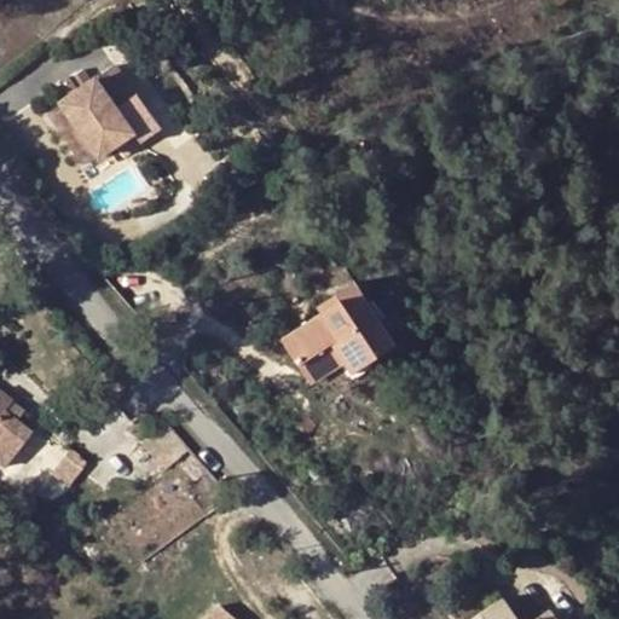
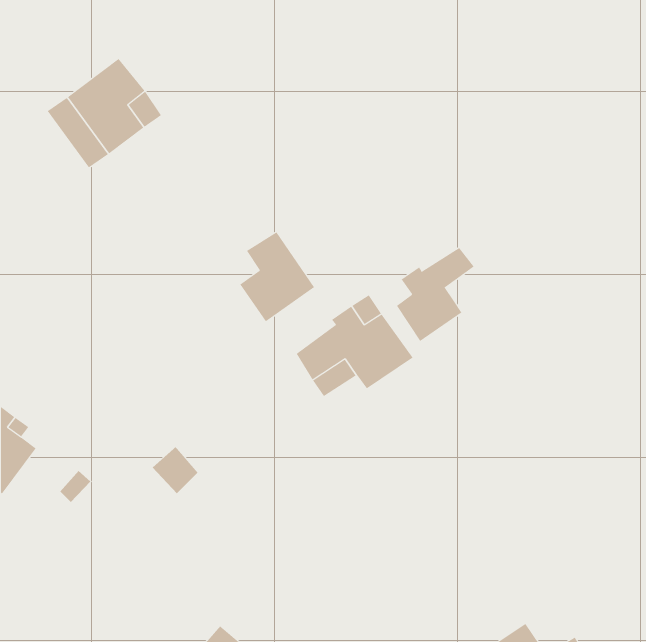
building: none -> [240,231,315,322]
building: none -> [396,247,474,342]

